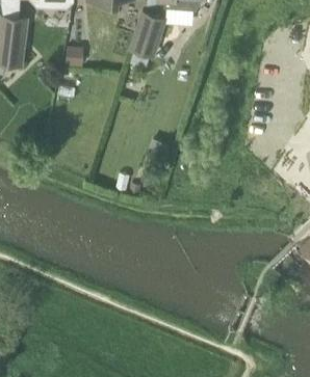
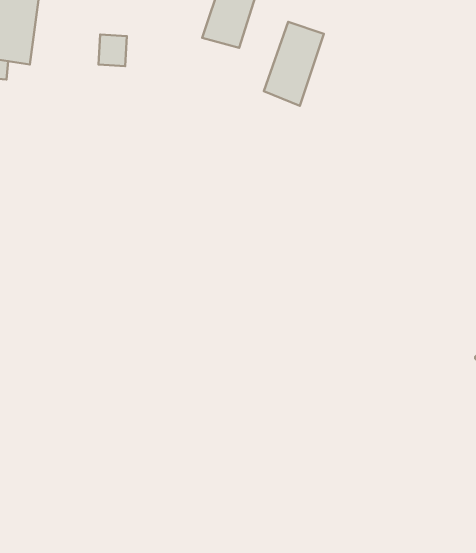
building: none -> [264,22,324,106]

